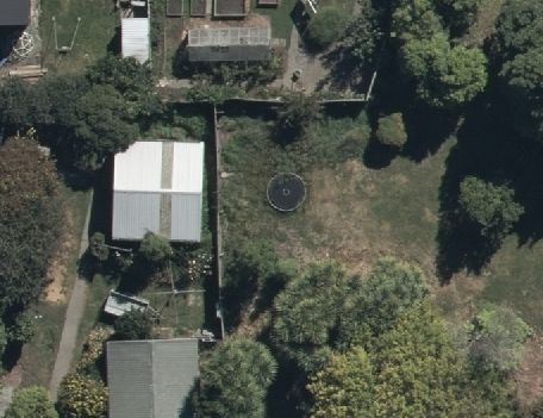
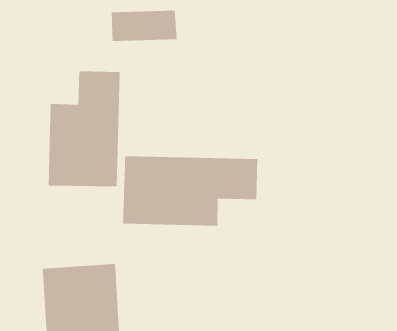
building: none -> [122,155,258,226]

